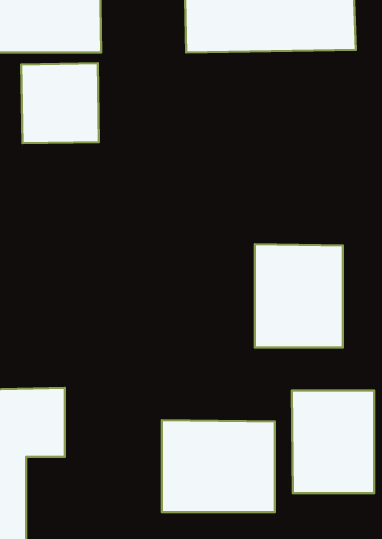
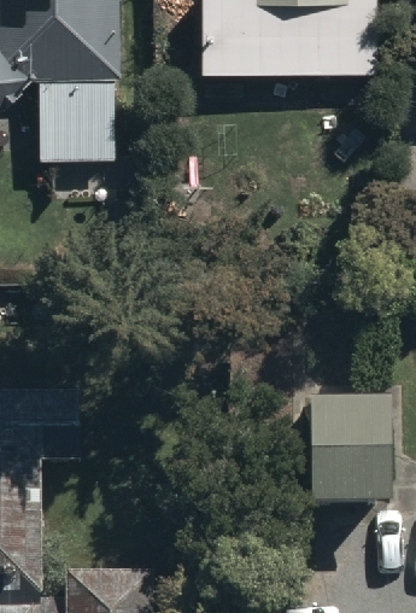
building: [255,244,343,347] -> none
building: [162,420,275,512] -> none

